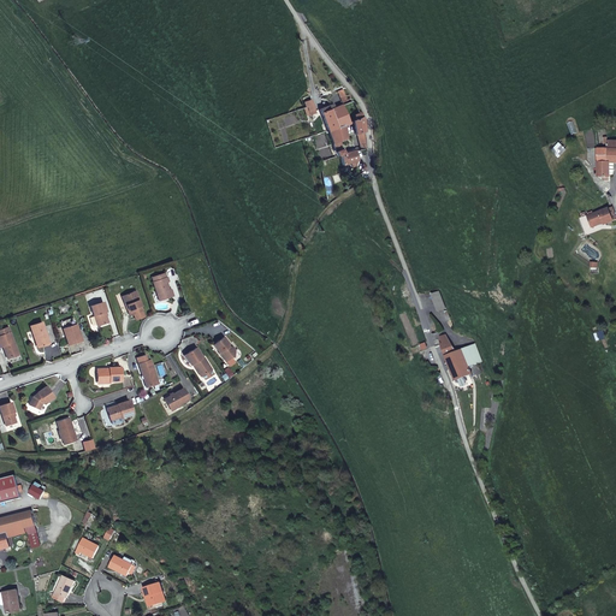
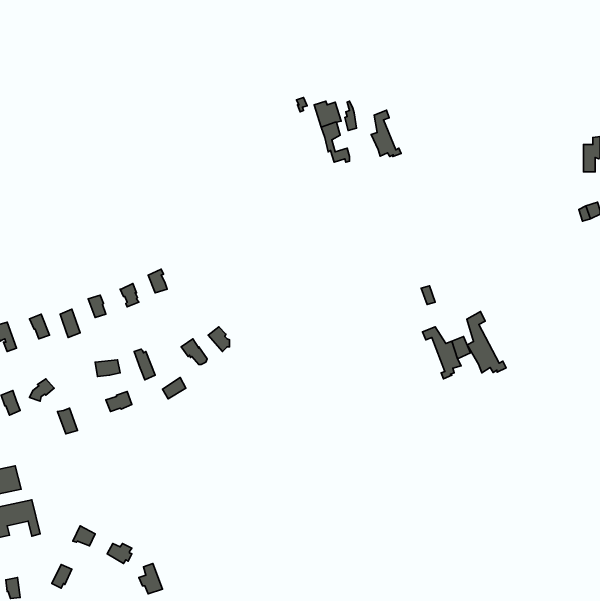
building: none -> [371,110,401,156]
building: none -> [467,312,506,373]

